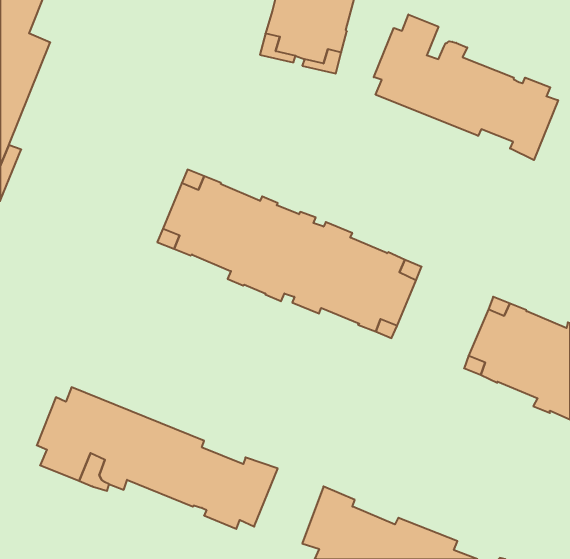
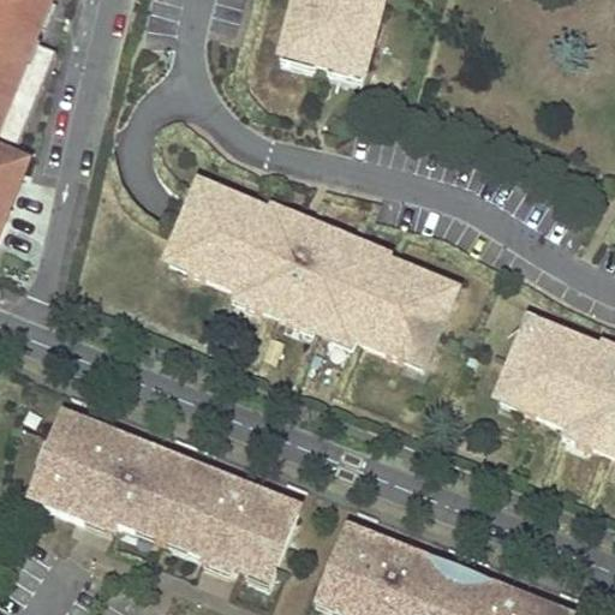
building: [374,14,558,160] -> none

